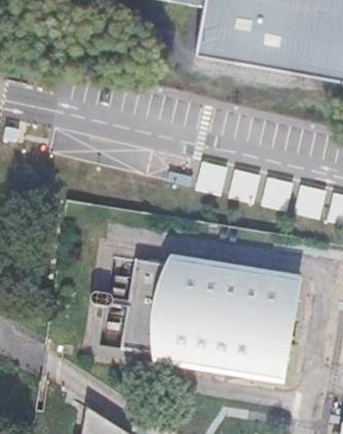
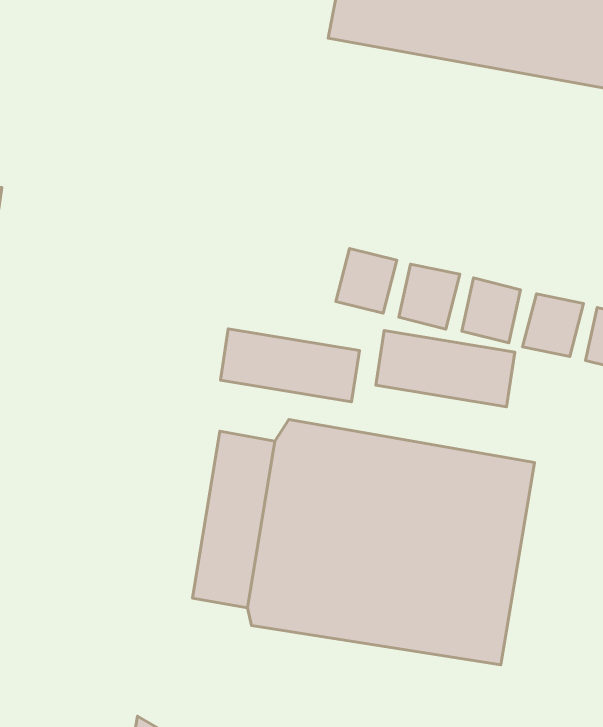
building: none -> [220,329,359,402]
building: none -> [376,330,515,407]

